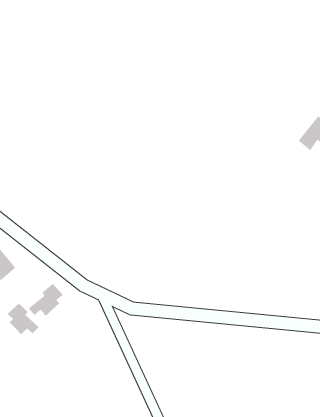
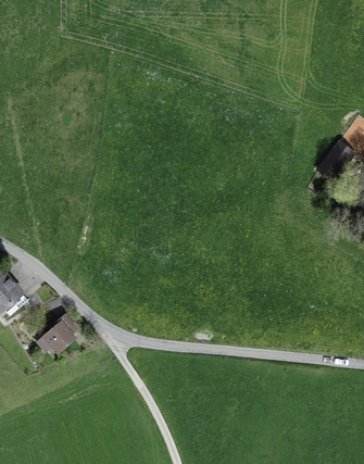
building: [7,303,40,335] -> none

